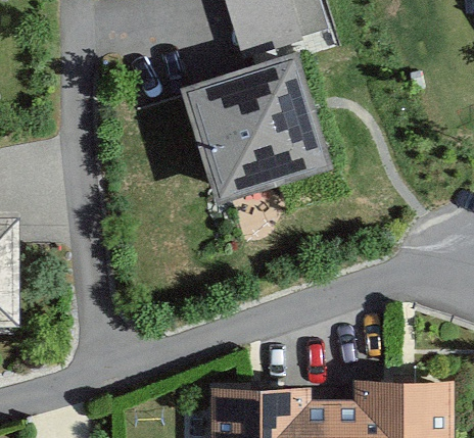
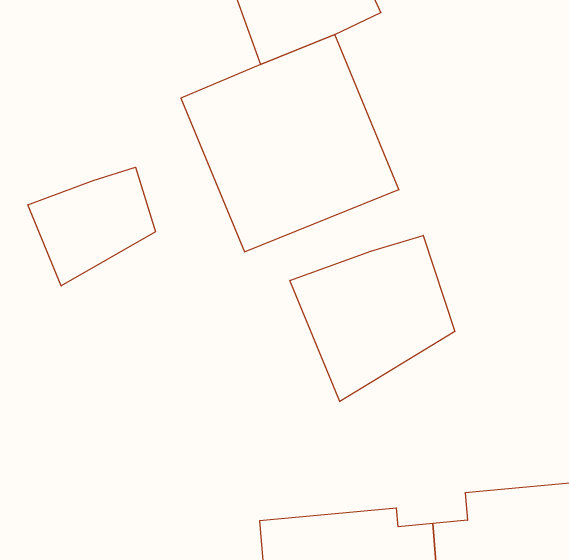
building: none -> [28,167,155,286]
building: none -> [290,235,455,402]

